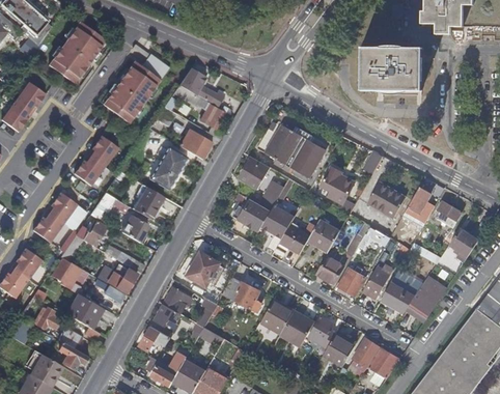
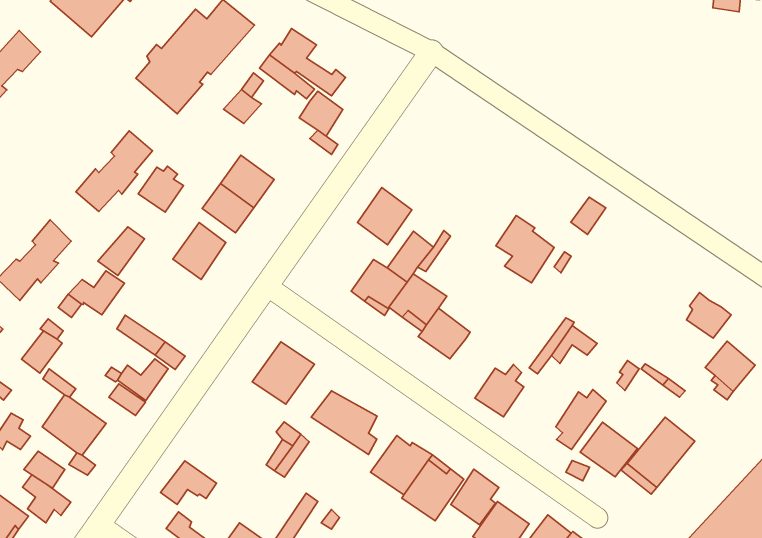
building: [360,47,421,91] -> none
building: [266,124,326,178] -> none
building: [178,130,212,160] -> none
building: [367,181,406,219] -> none
building: [404,187,435,226] -> none
building: [121,215,147,242] -> [138,166,184,212]
building: [308,220,340,252] -> none
building: [335,265,366,298] -> none
building: [157,287,191,334] -> none

